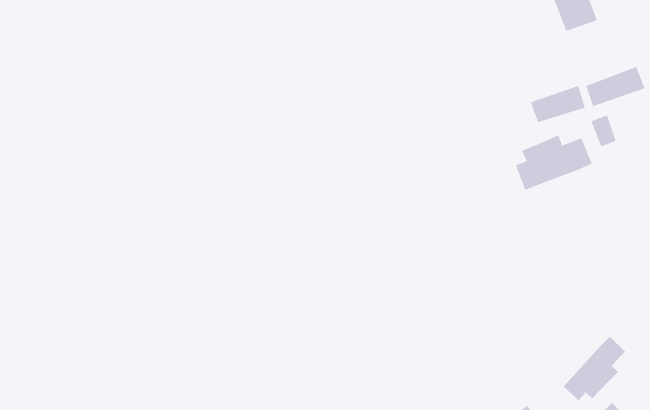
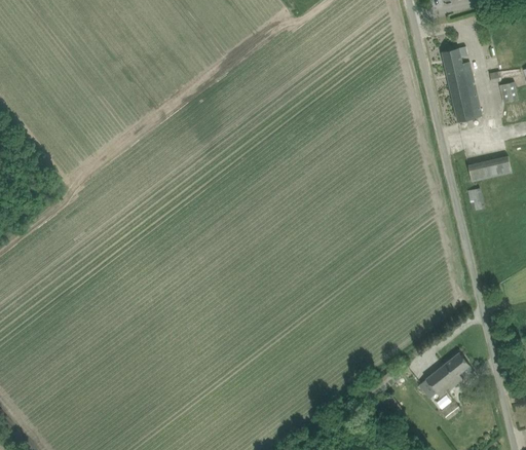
building: [530,85,586,123] -> none
building: [515,135,593,190] -> none

